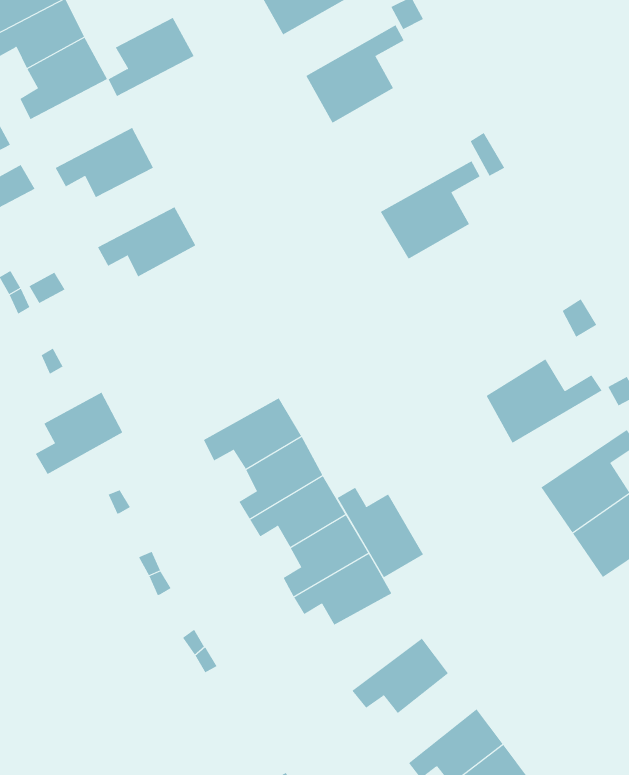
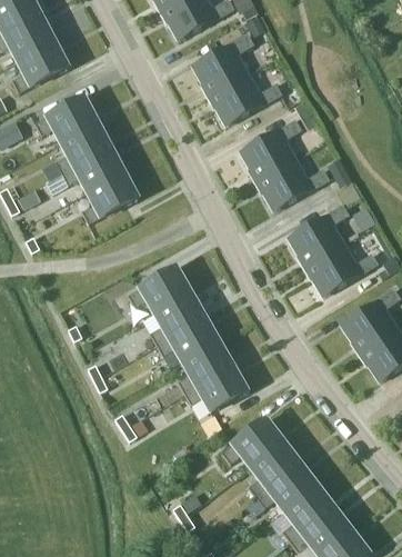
building: [108,17,194,97] -> [57,122,111,172]
building: none -> [210,72,283,125]
building: none -> [258,158,331,210]
building: none -> [289,203,350,266]
building: [35,392,123,475] -> [82,171,138,223]
building: [337,487,424,578] -> none
building: none -> [249,440,301,497]

